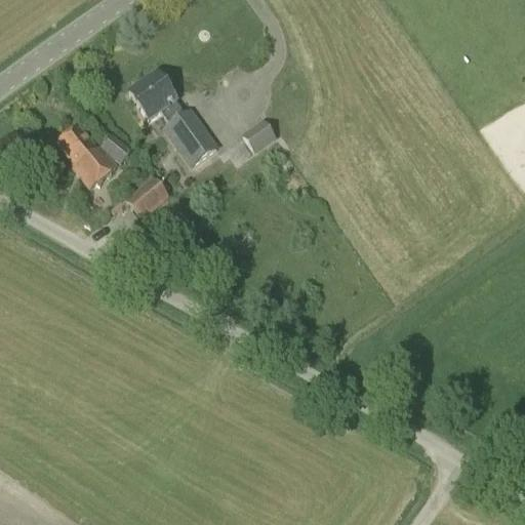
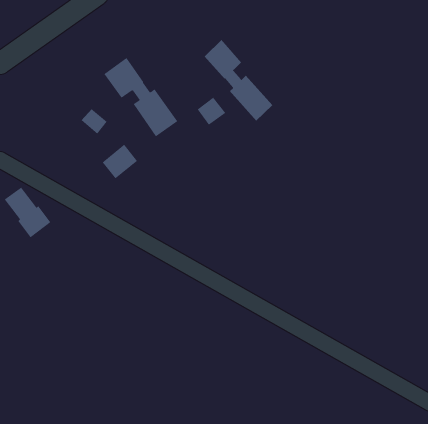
building: none -> [204,39,273,122]
building: [56,126,114,189] -> [4,187,51,238]

